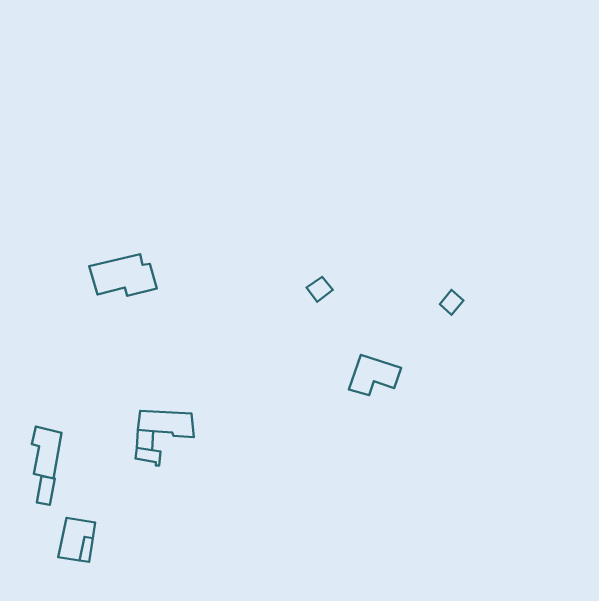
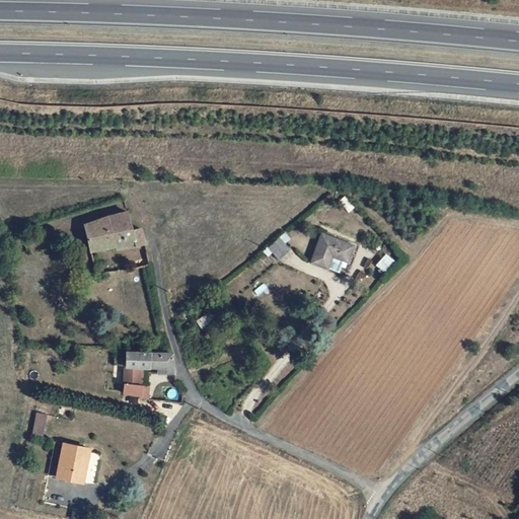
building: [349,355,401,395] -> [307,231,352,266]
building: [32,427,62,478] -> none

